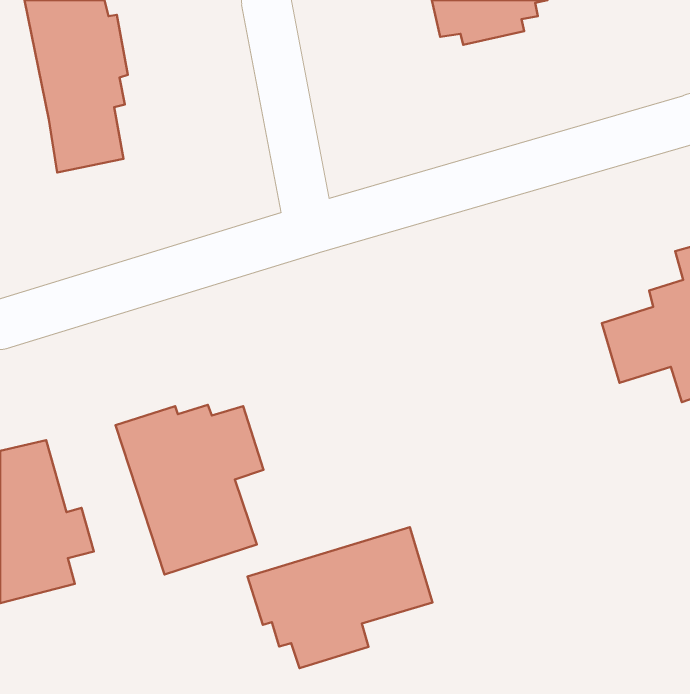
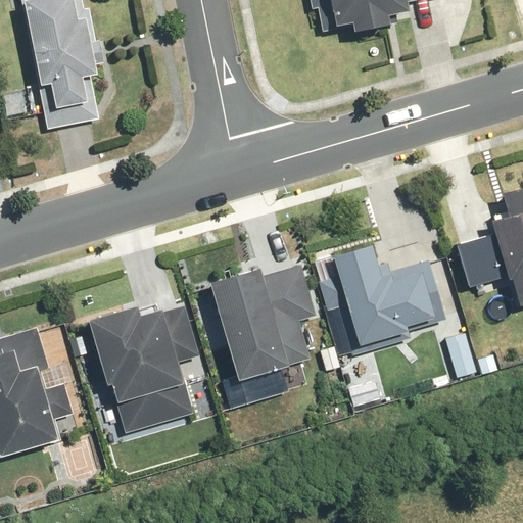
building: none -> [329,242,444,344]
building: none -> [207,263,317,402]
building: [248,527,433,668] -> none

